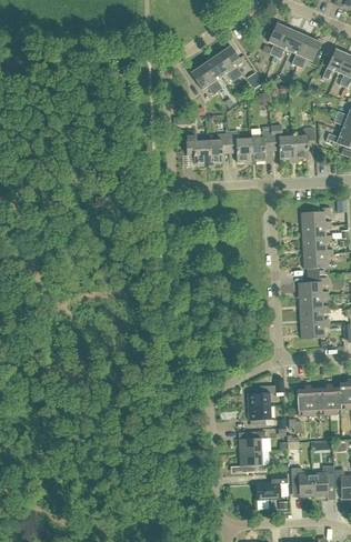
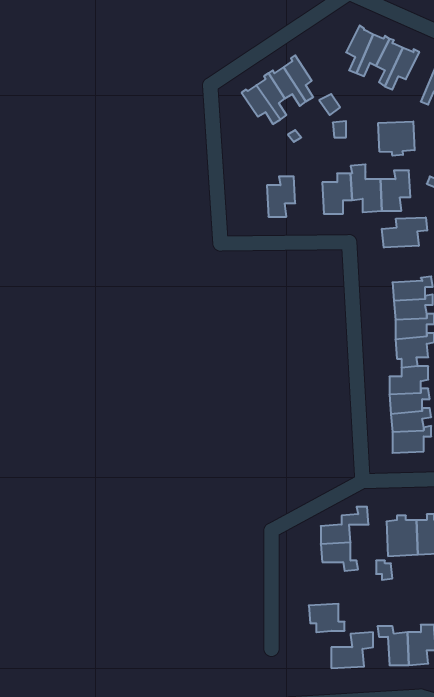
building: none -> [378,121,415,156]
building: [228,131,250,161] -> none
building: [185,133,209,163] -> none
building: none -> [382,217,427,248]
building: [239,430,264,451] -> none

